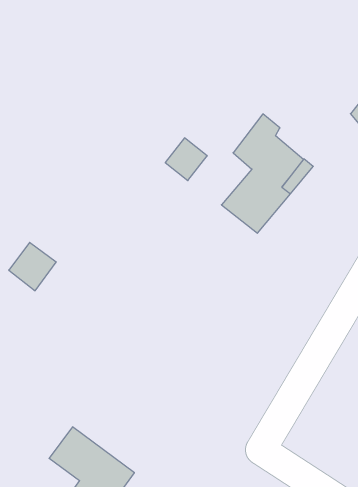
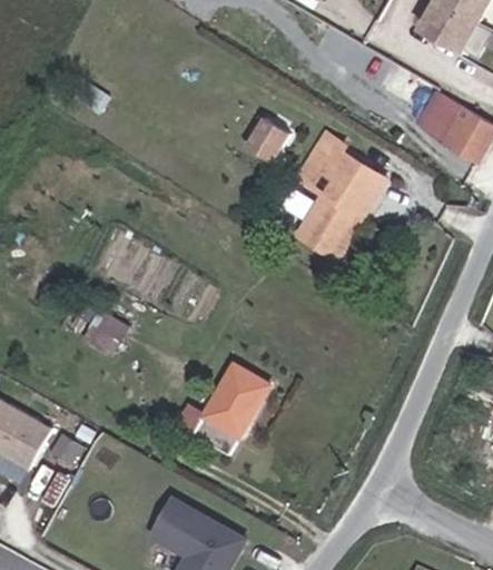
building: [165,138,207,181] -> [246,121,289,166]
building: none -> [193,360,270,451]

